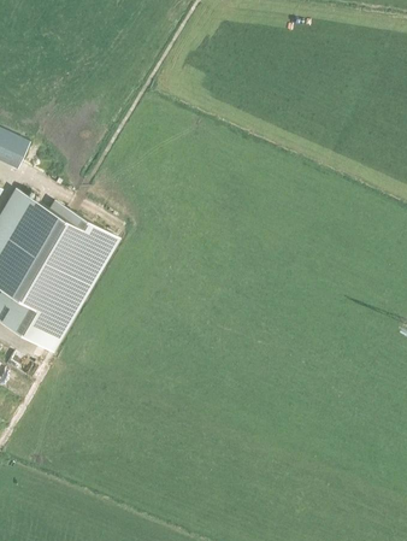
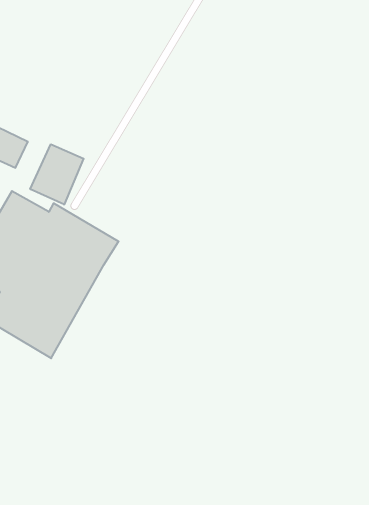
building: none -> [30,144,84,205]

